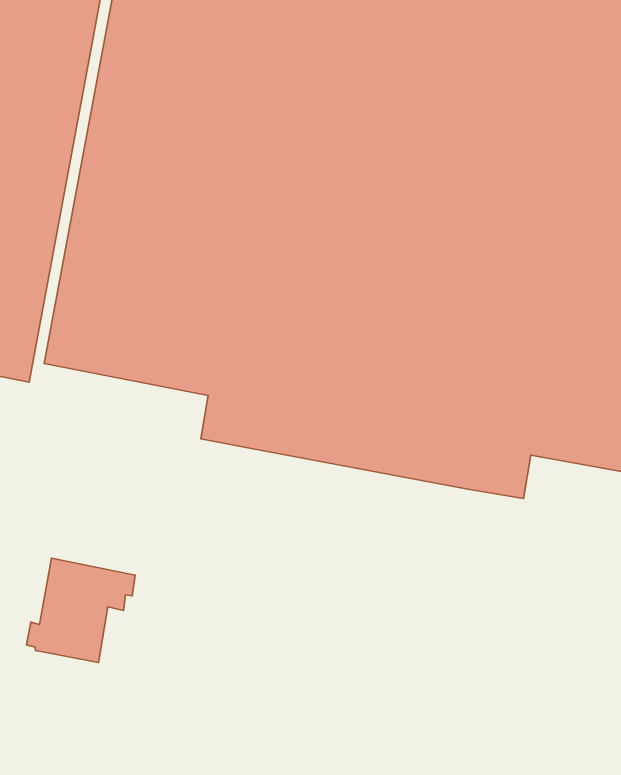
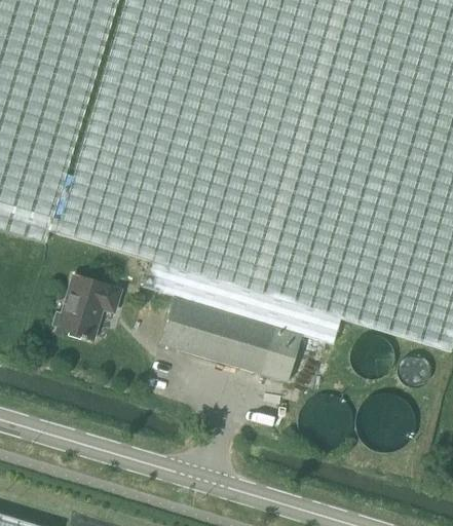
building: none -> [160,297,301,383]
building: [26,558,135,663] -> [51,275,121,341]

